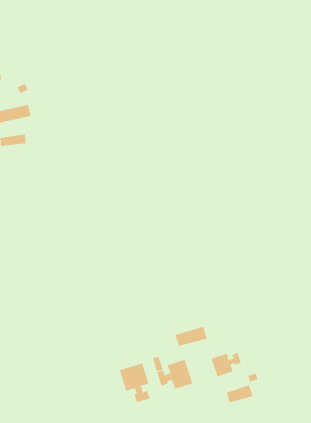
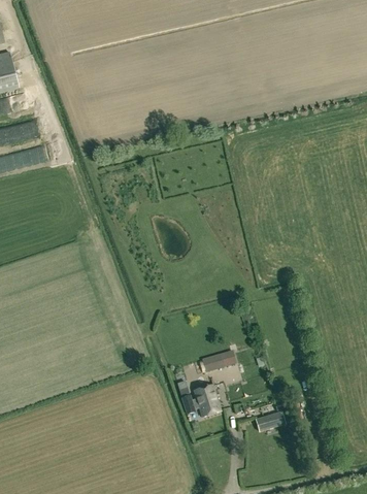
building: [211,352,242,377] -> none
building: [119,362,151,403] -> none

